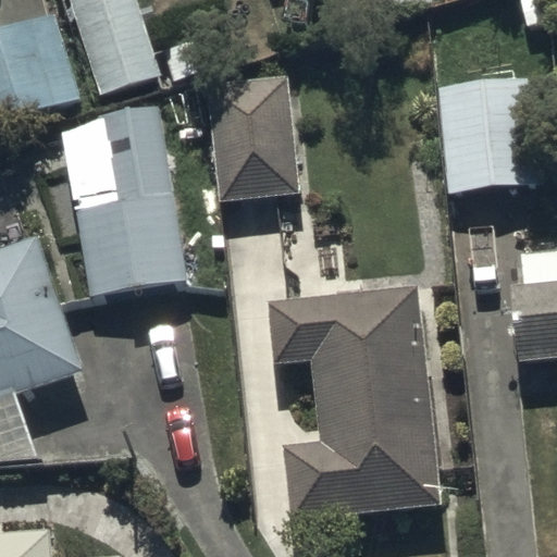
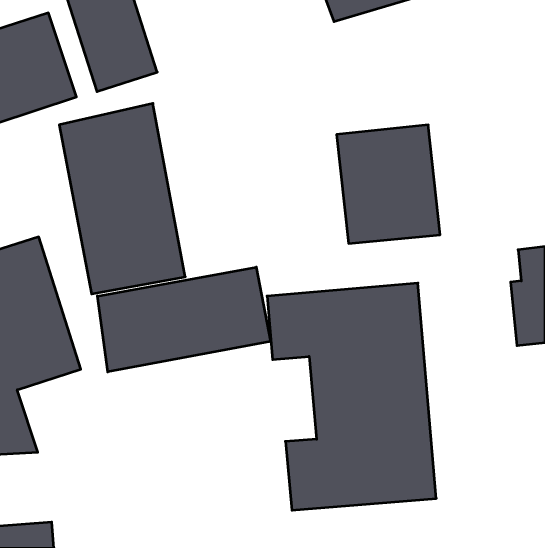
building: [435,74,540,194] -> [337,125,440,243]
building: [206,75,296,199] -> none
building: none -> [97,267,270,372]

